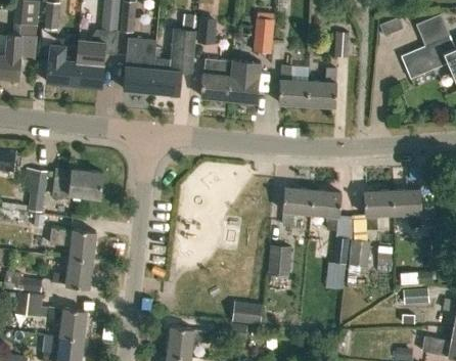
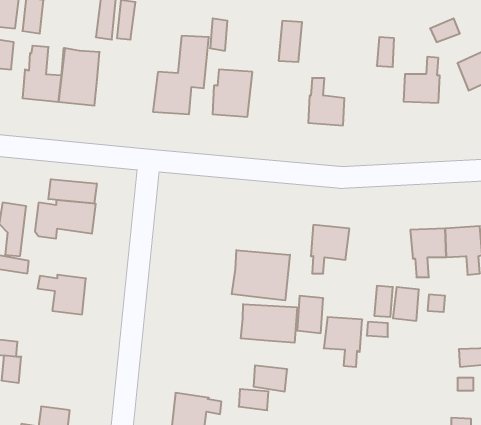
building: [123,40,155,94] -> none
building: [228,60,261,101] -> none
building: [307,69,336,106] -> [404,57,440,103]
building: none -> [48,179,97,204]
building: [309,190,340,231] -> [324,317,362,367]
building: none -> [232,250,290,300]
building: none -> [241,304,297,343]
building: [50,258,92,289] -> none
building: [46,308,85,340] -> none

